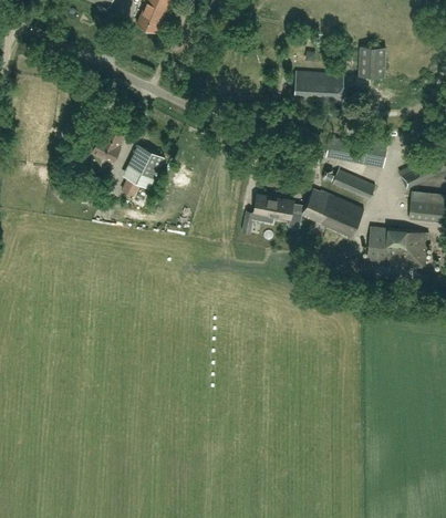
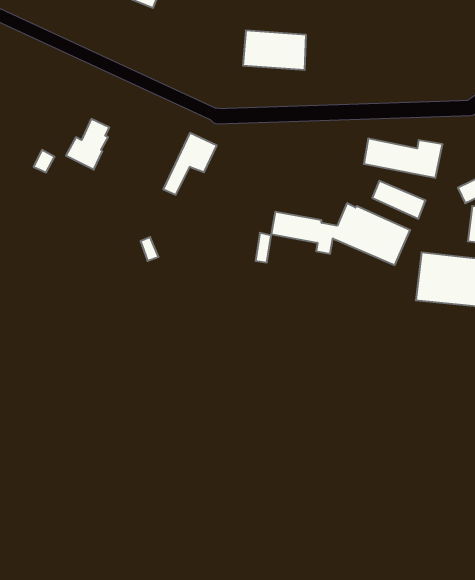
building: [360,45,385,76] -> none
building: [293,71,343,102] -> [243,31,306,70]
building: [122,146,164,195] -> [163,133,217,195]

